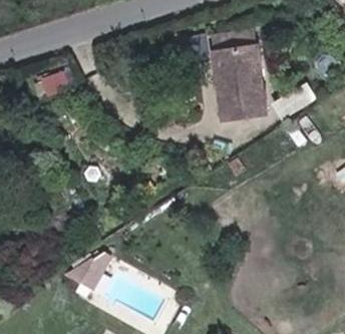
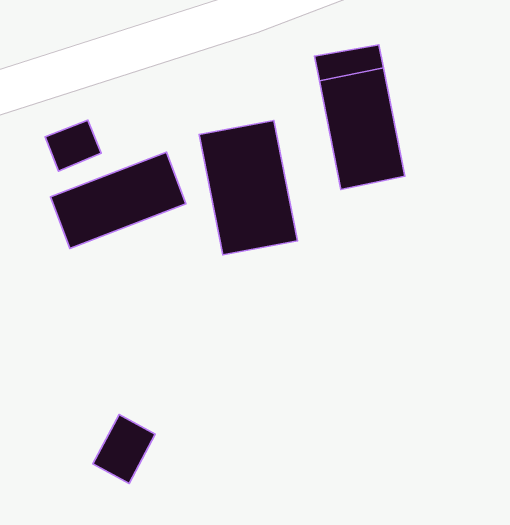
building: none -> [199,120,297,255]
building: none -> [51,152,186,249]

